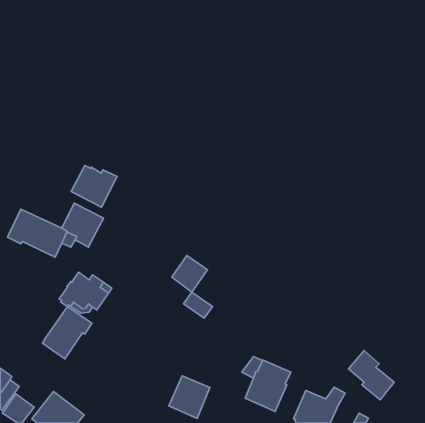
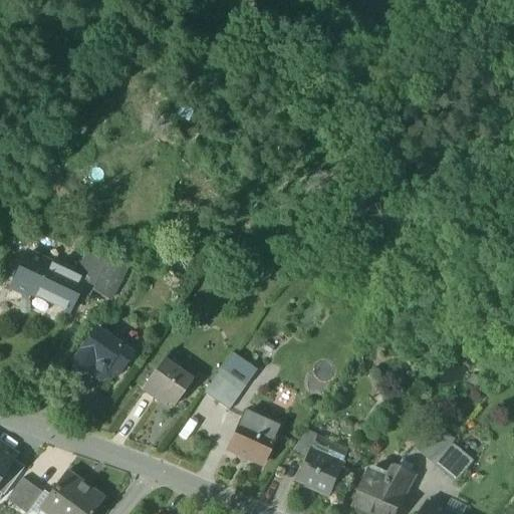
building: [71,166,117,207] -> none
building: [172,256,208,292] -> [204,366,247,411]
building: none -> [142,359,192,407]
building: [42,306,92,359] -> none
building: [169,376,210,418] -> [228,413,277,464]

